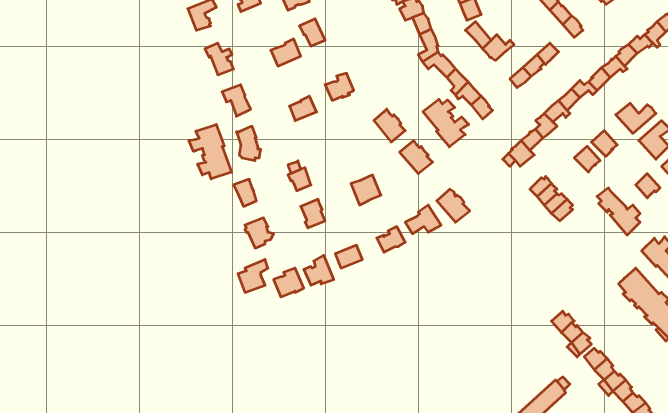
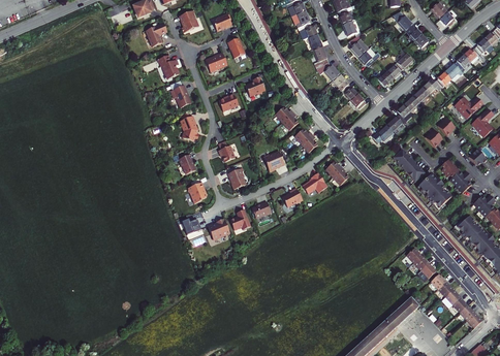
building: [423,99,469,147] -> none
building: [189,124,232,179] -> none
building: none -> [418,176,450,209]

